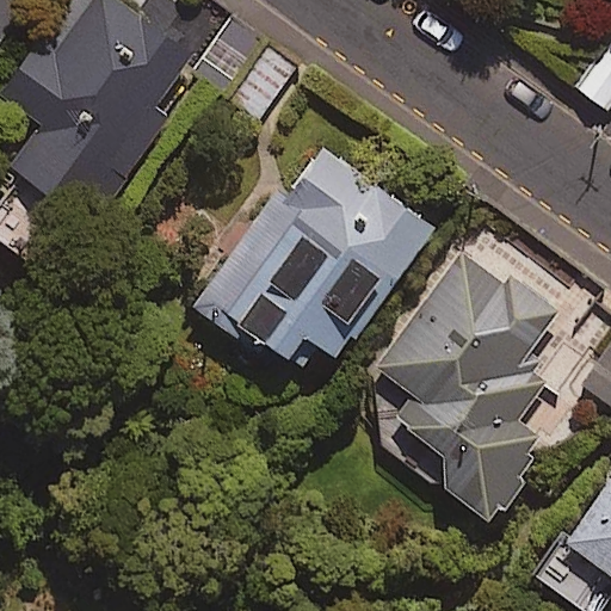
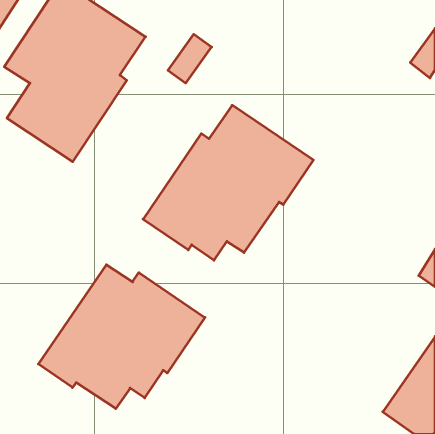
building: [377,251,560,519] -> none
building: none -> [38,265,205,409]

